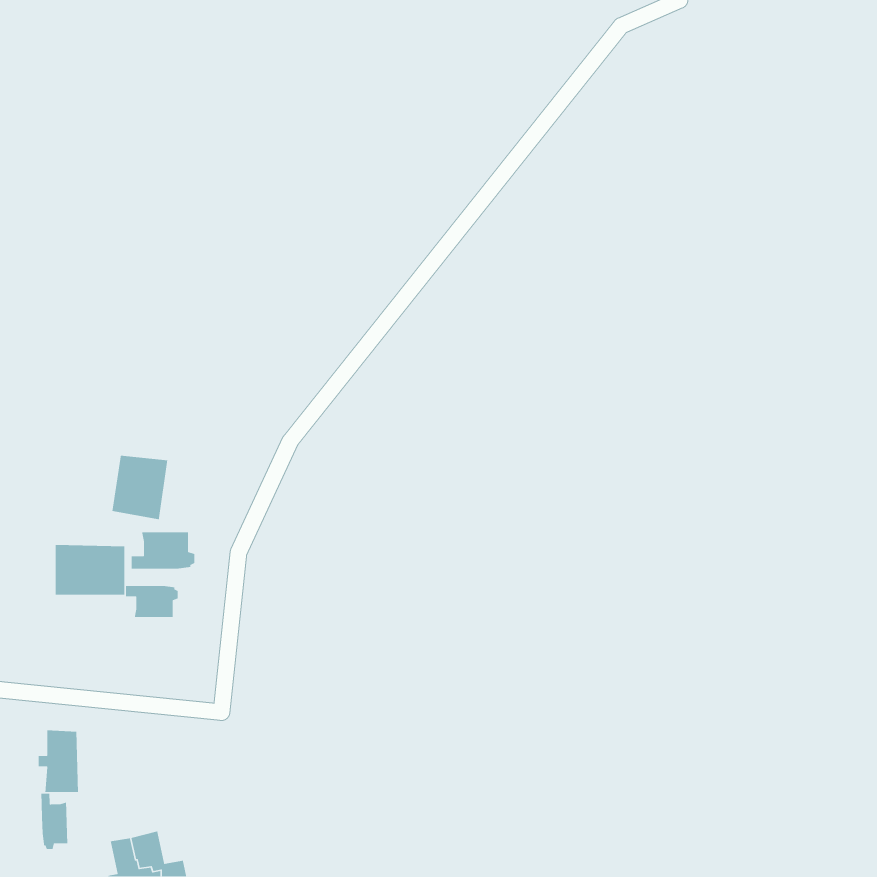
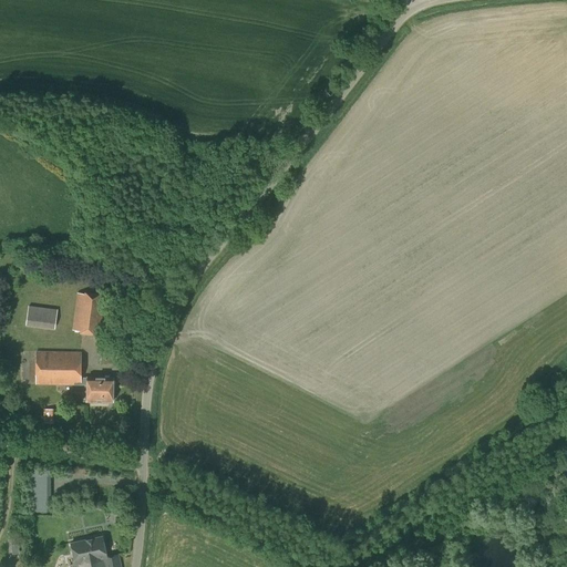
building: none -> [25,306,58,329]
building: [131,532,195,569] -> none
building: [41,793,68,850] -> none

